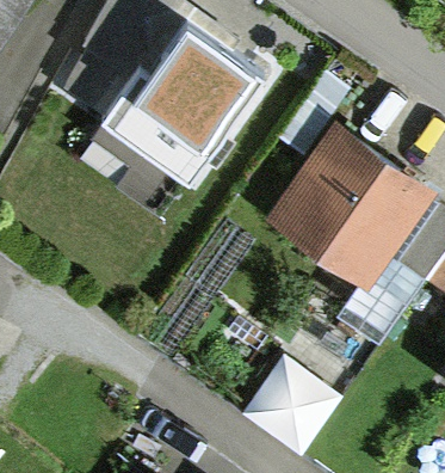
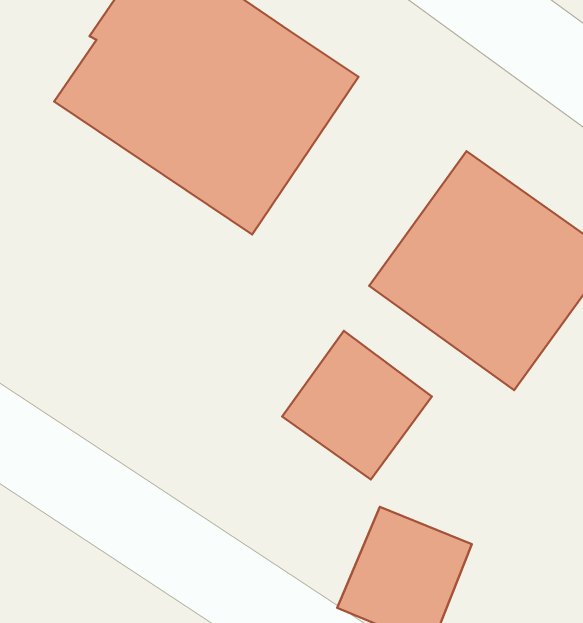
building: none -> [282,331,432,480]

